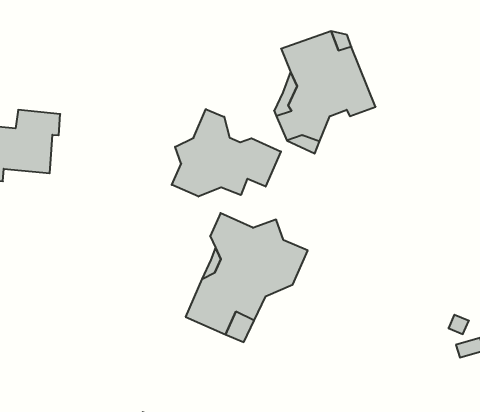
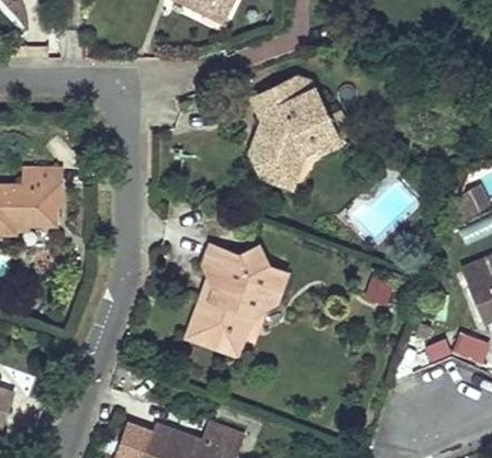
building: [172,109,281,197] -> none

